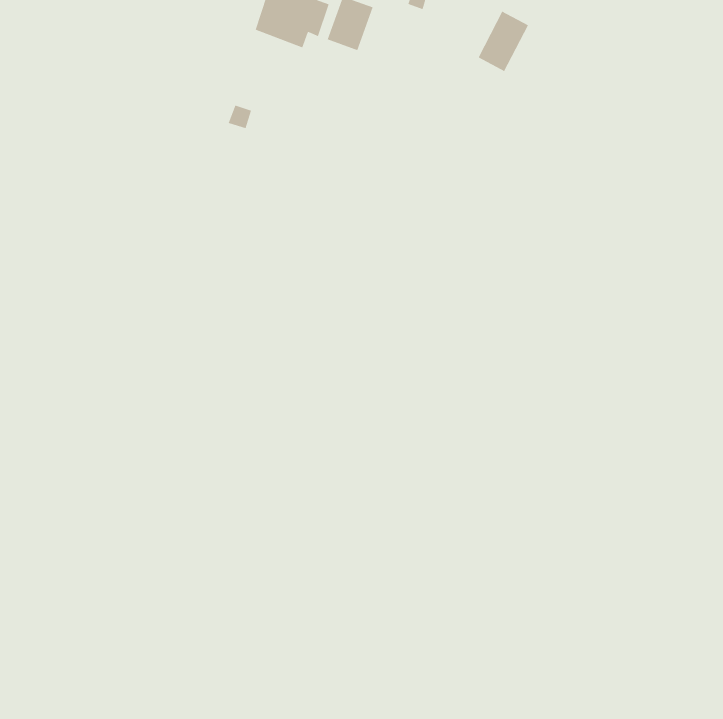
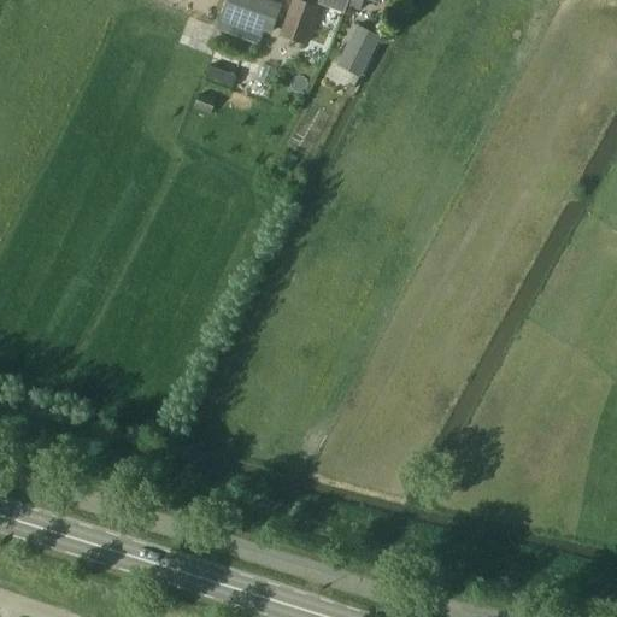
building: [478,11,529,72] -> [336,23,380,75]

